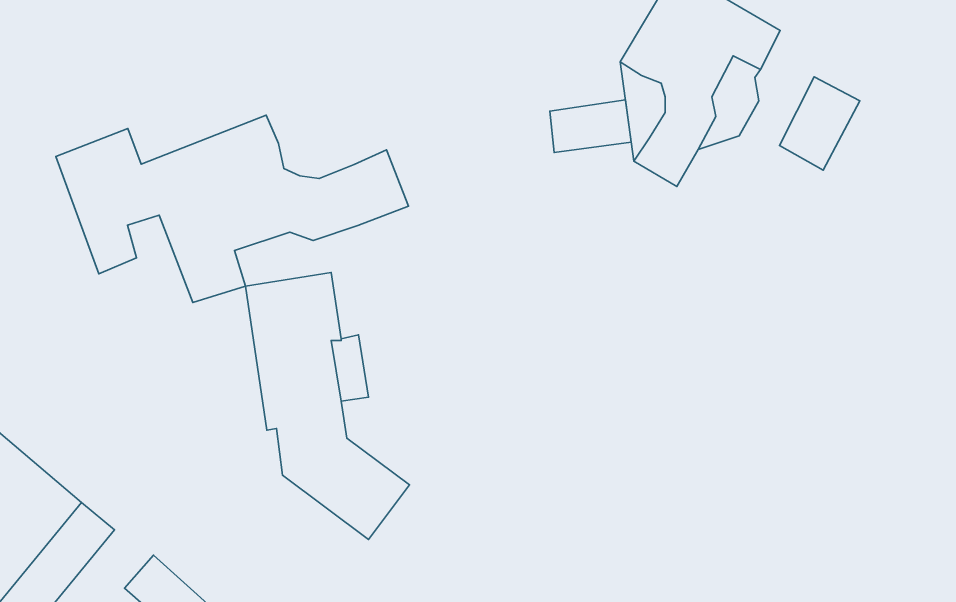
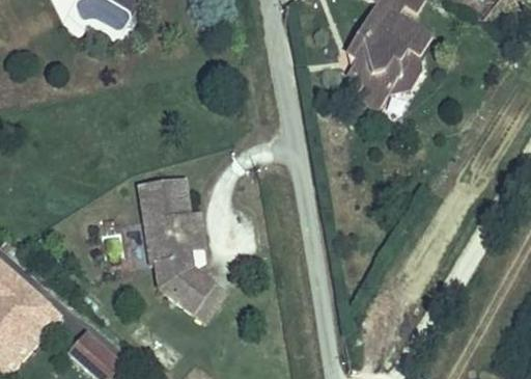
building: [779,77,860,170] -> none
building: [550,100,631,153] -> none
building: [56,115,408,302] -> none

